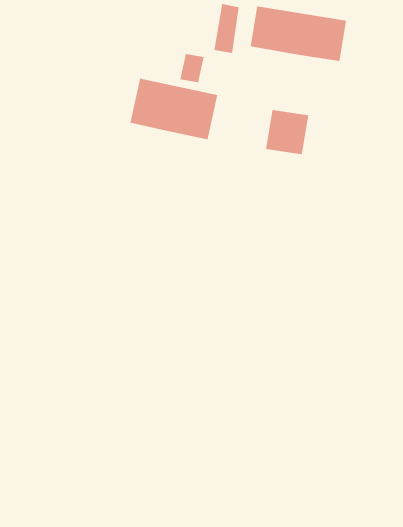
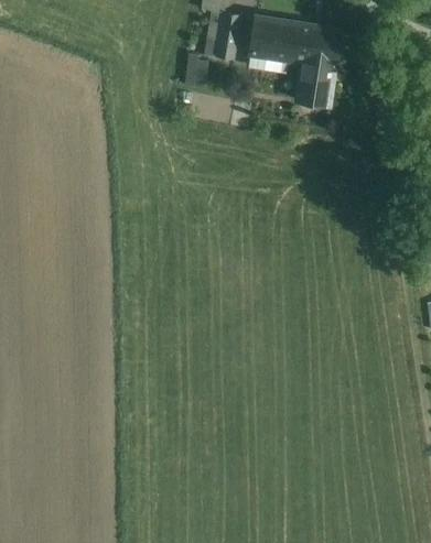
building: [130,78,218,140] -> none
building: [265,110,309,155] -> [300,64,343,108]

